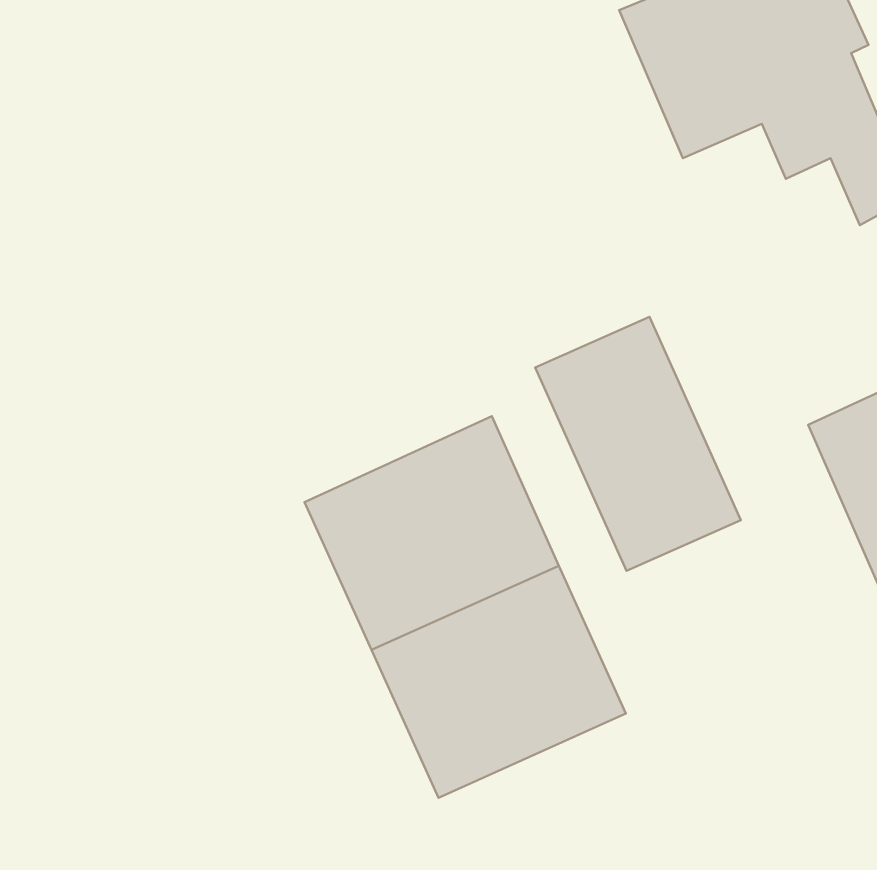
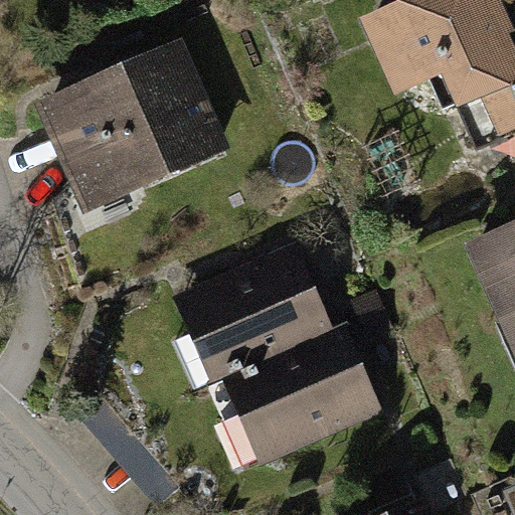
building: none -> [43,49,221,208]
building: [535,317,741,571] -> none

